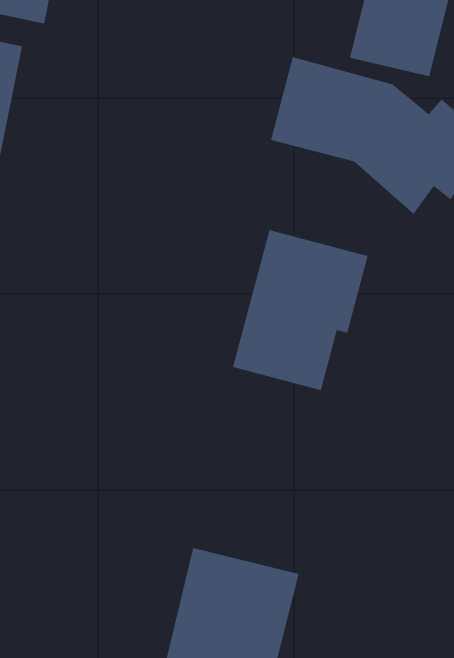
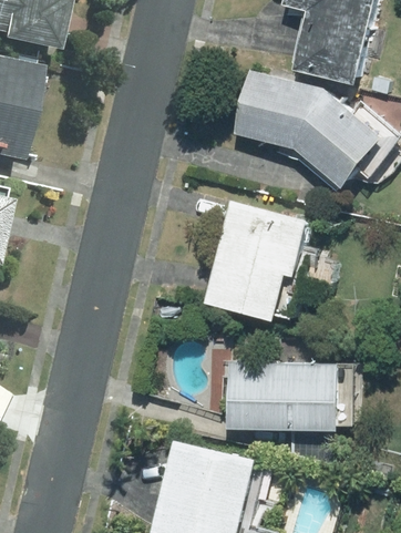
building: none -> [226,363,338,433]

